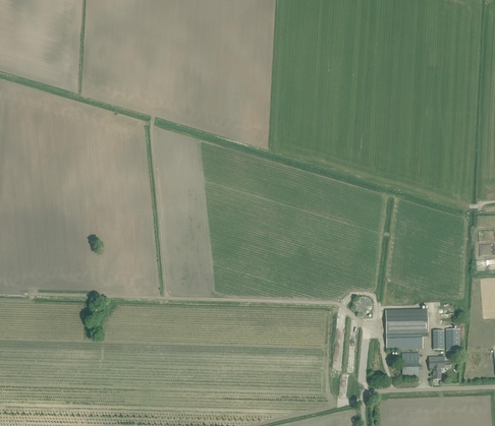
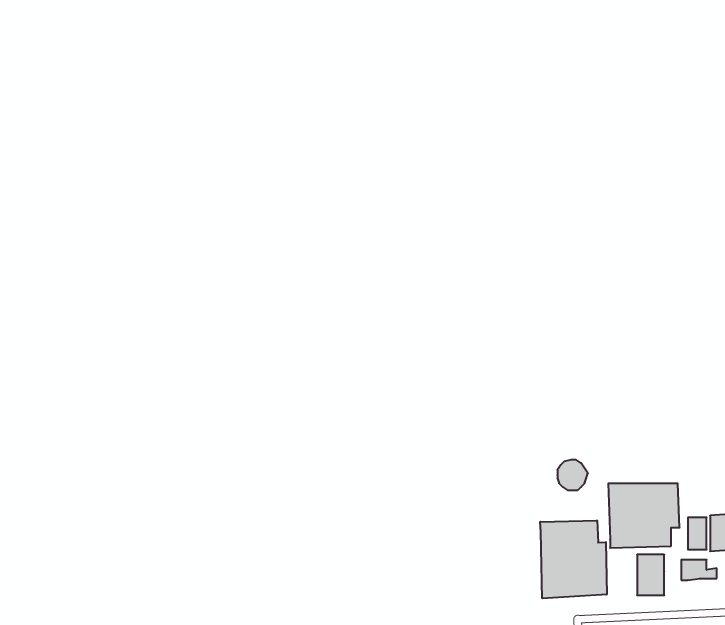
building: none -> [540,520,607,598]

